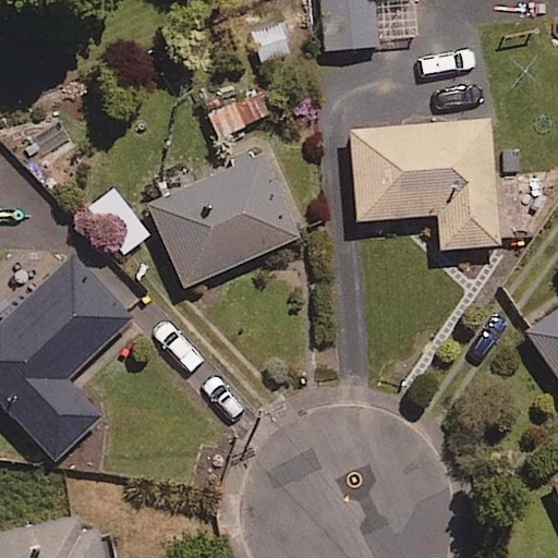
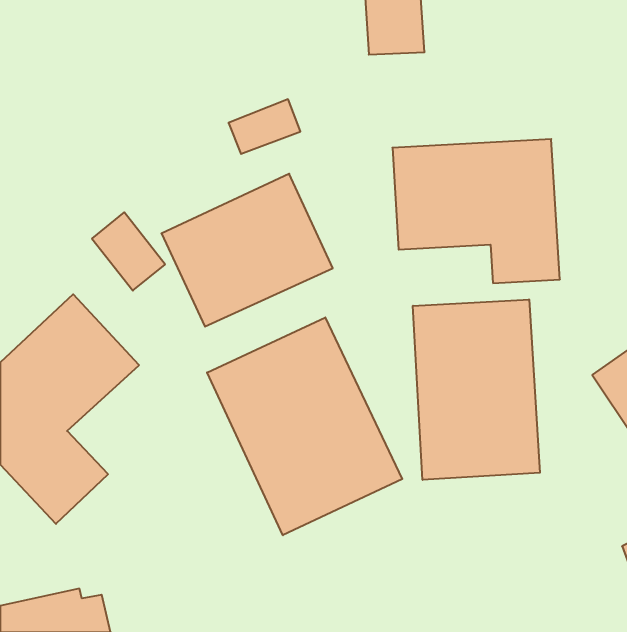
building: none -> [413,299,540,480]
building: none -> [207,317,402,535]

